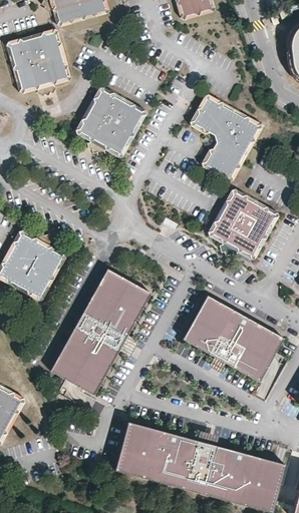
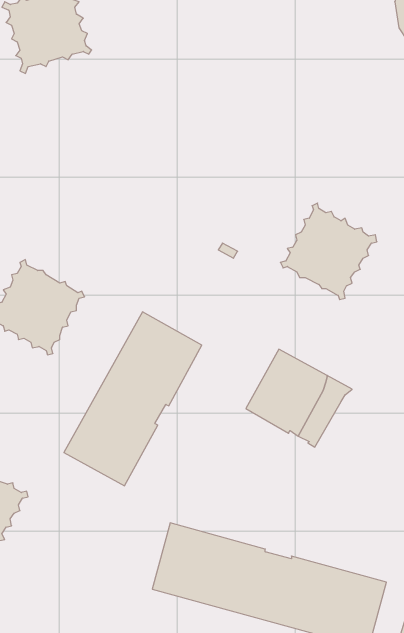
building: [74,86,145,157] -> none
building: [190,93,262,179] -> none
building: [233,324,284,381] -> none

